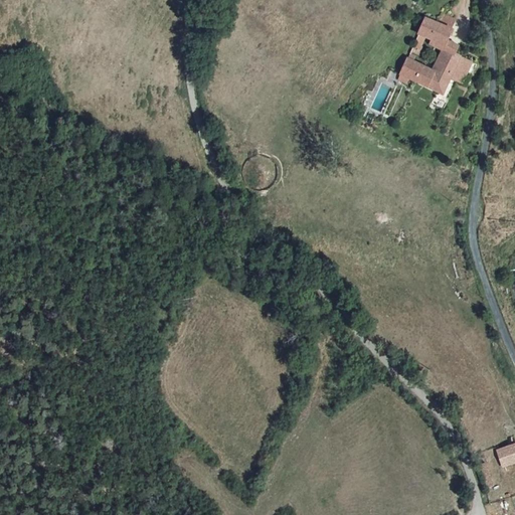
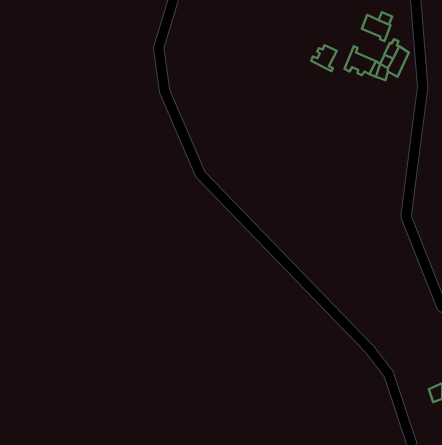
building: none -> [311,45,337,71]

